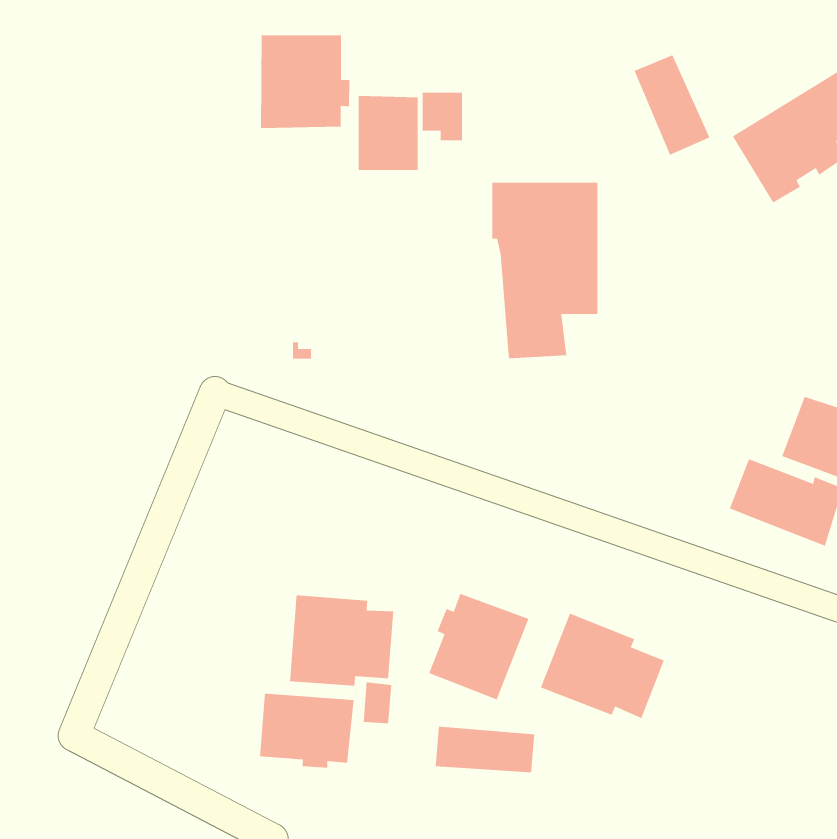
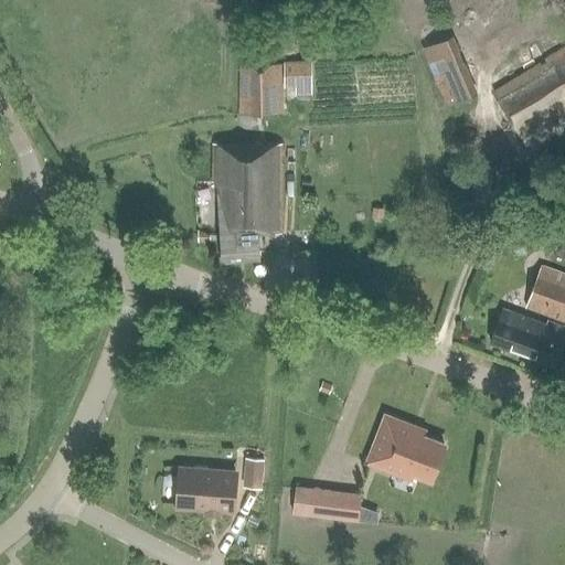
building: [260,34,350,129] -> none
building: [492,182,598,359] -> [212,143,284,263]
building: [428,593,530,701] -> none
building: [289,594,394,686] -> none

